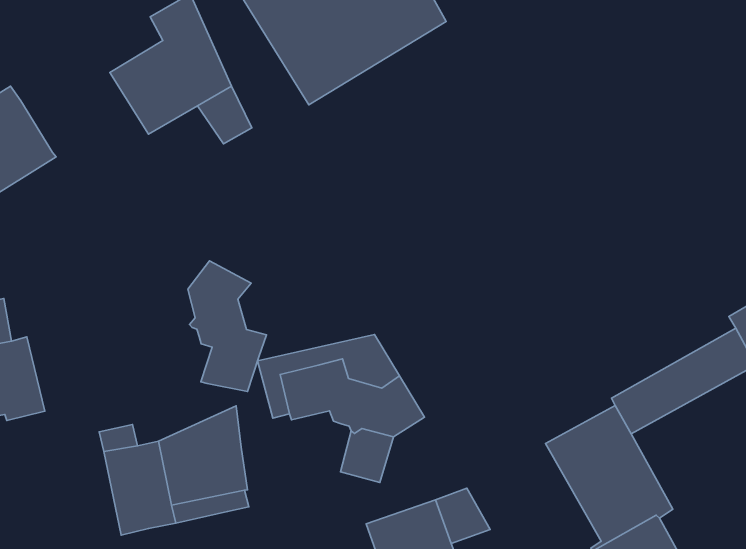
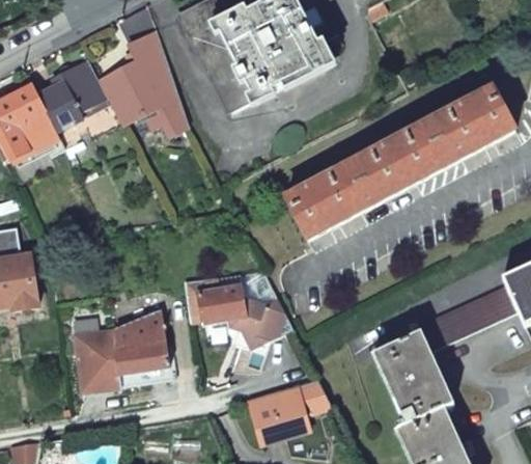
building: none -> [284,87,514,239]
building: none -> [37,58,108,131]
building: [188,261,267,392] -> none

